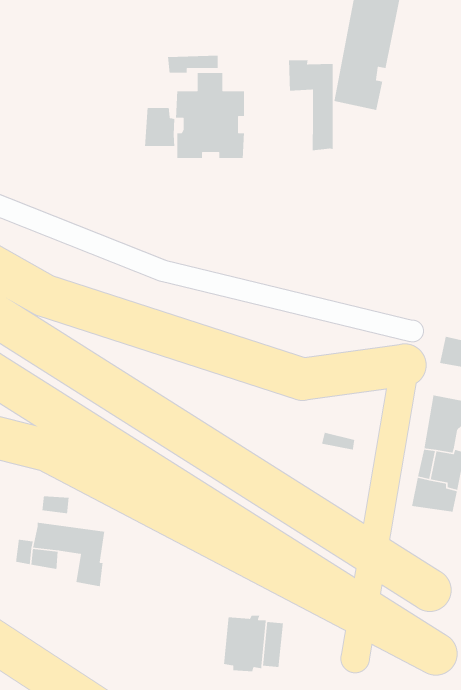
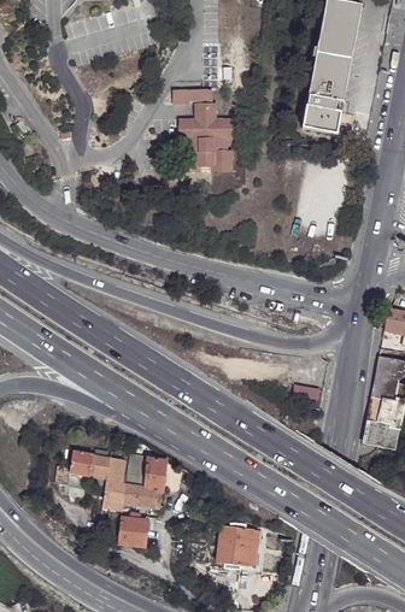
building: [288,60,333,151] -> none
building: [144,107,175,147] -> none
building: none -> [121,455,168,508]
building: none -> [115,517,146,548]

